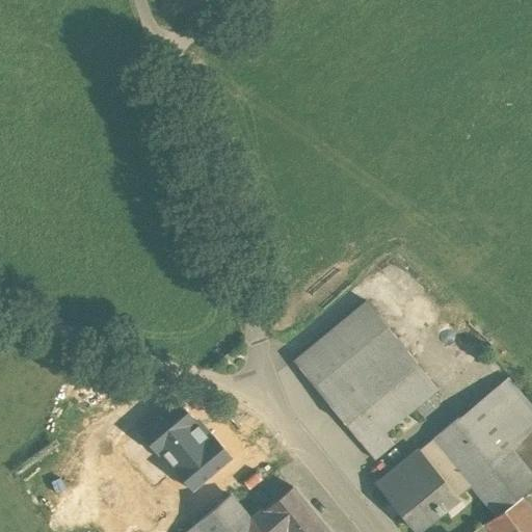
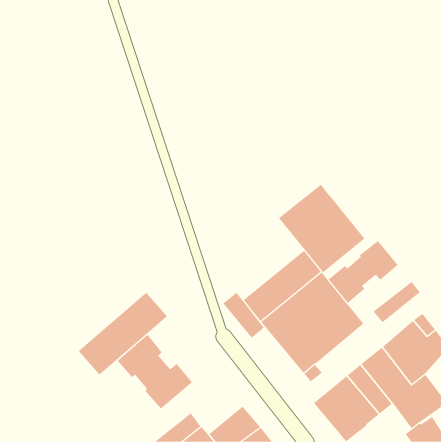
building: none -> [278,184,365,273]
building: none -> [328,240,399,304]
building: none -> [373,281,421,323]
building: none -> [222,292,265,339]
building: none -> [78,292,168,376]

